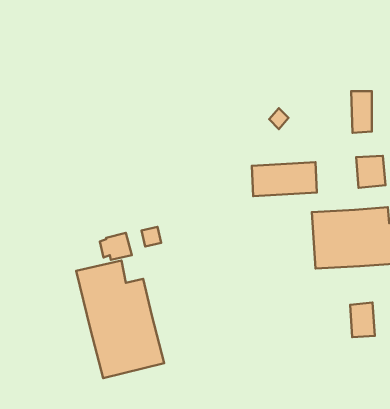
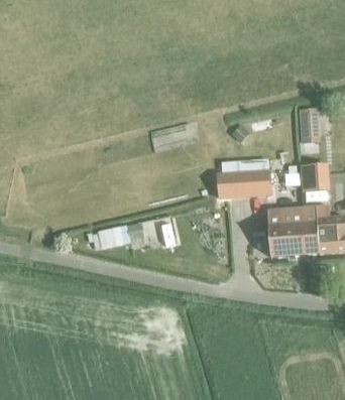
building: [76,261,164,378] -> none
building: [350,302,375,337] -> none

